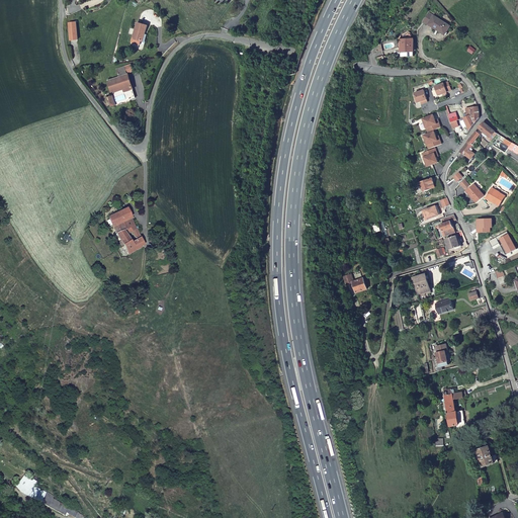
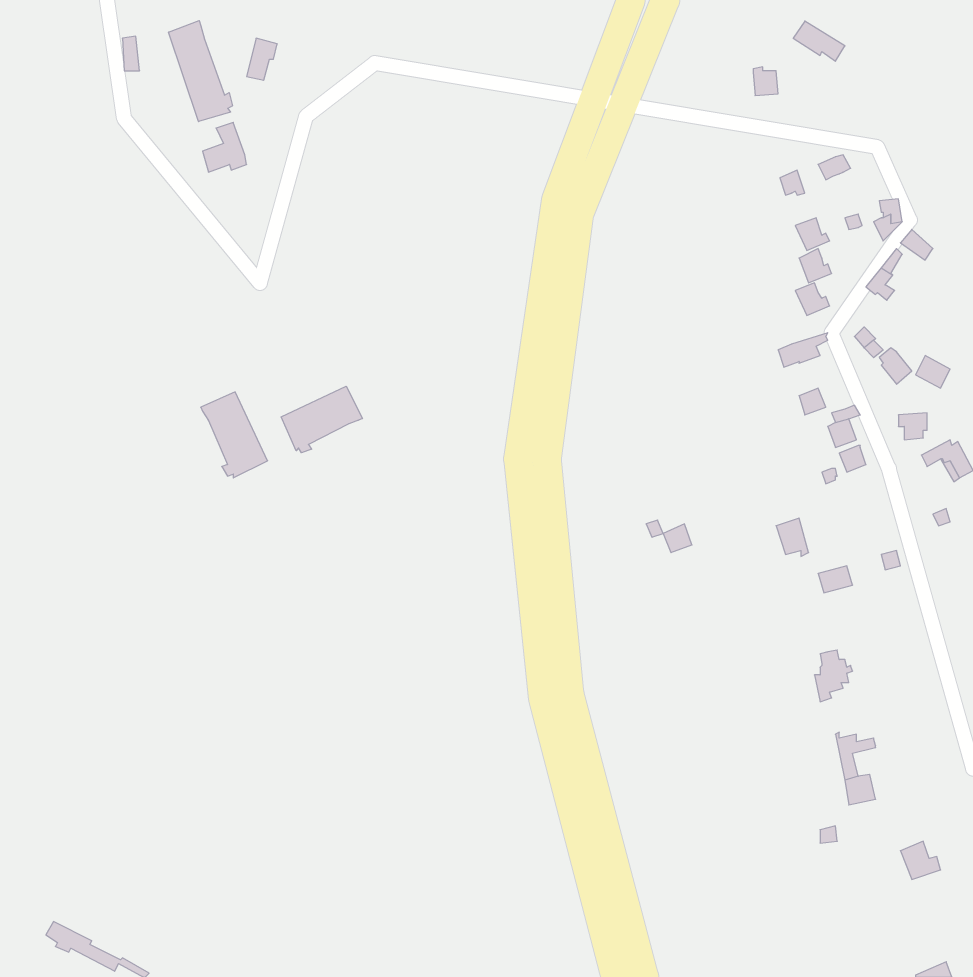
building: none -> [169,21,232,122]
building: none -> [281,386,362,453]

